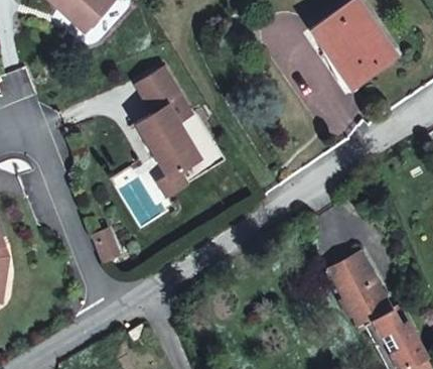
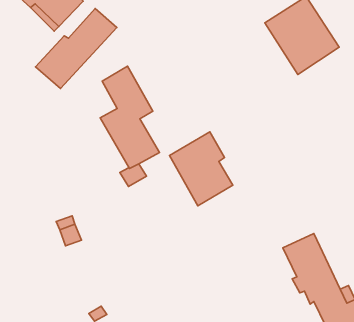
building: none -> [36,9,117,89]
building: none -> [170,132,233,206]

